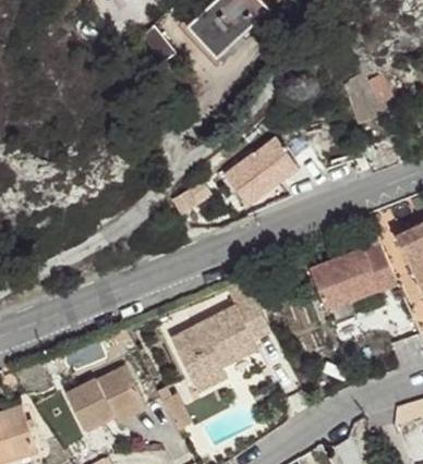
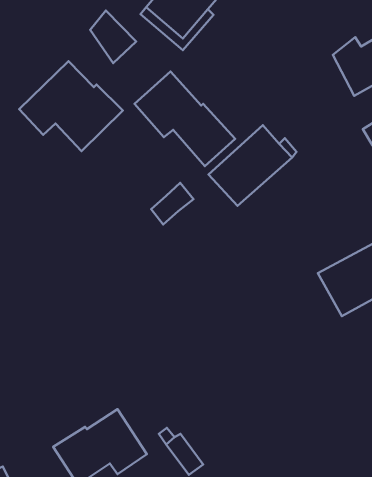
building: none -> [19,61,123,151]
building: none -> [134,71,235,166]
building: [170,271,270,391] -> none

